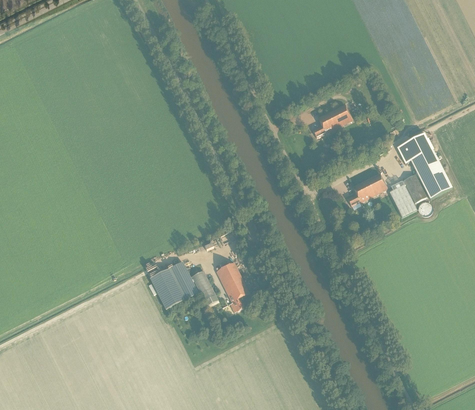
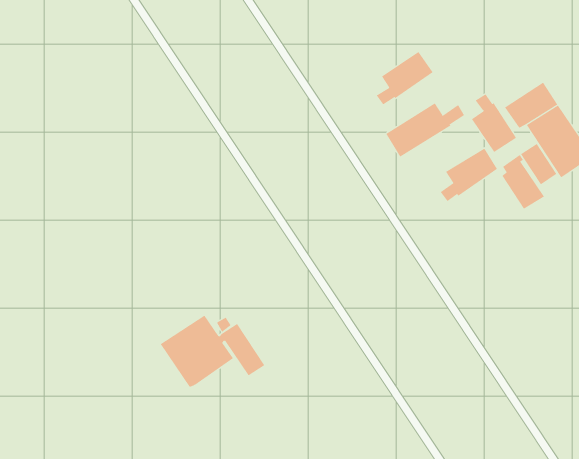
building: none -> [471,94,517,153]
building: none -> [385,103,465,157]
building: [216,262,249,312] -> none

